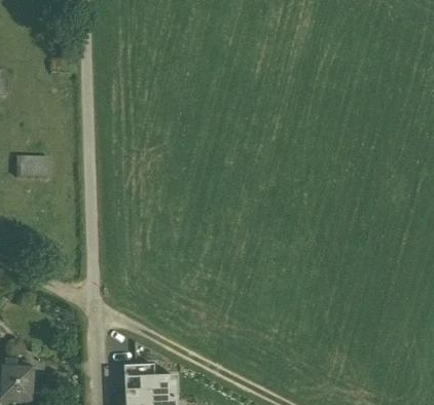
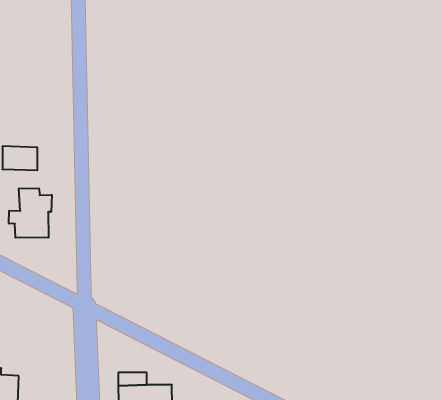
building: none -> [9,188,52,238]

